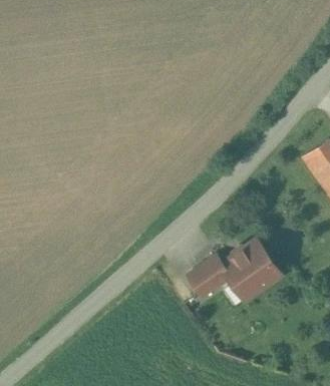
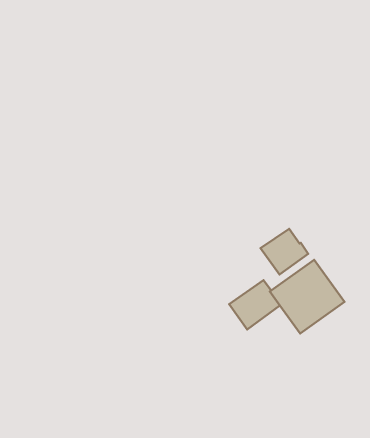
building: none -> [261,229,308,274]

